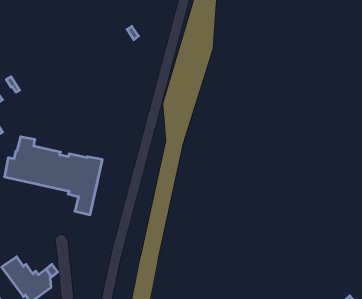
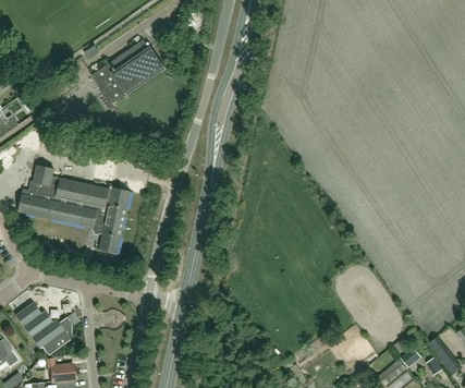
building: none -> [91,39,166,105]

